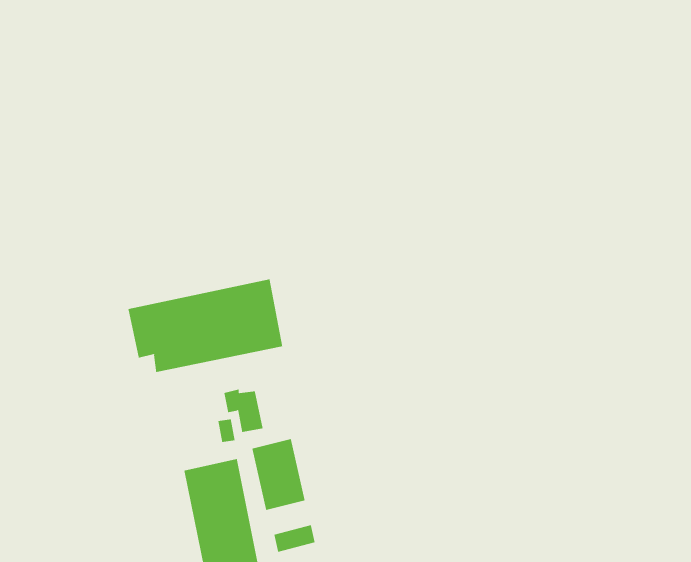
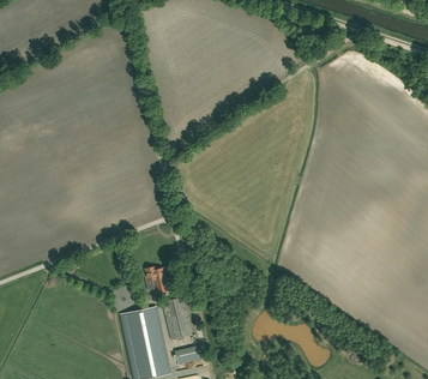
building: [128,278,283,373] -> none

